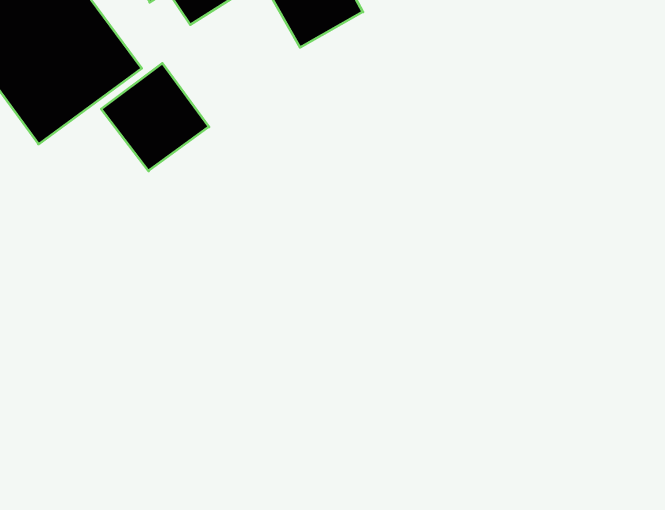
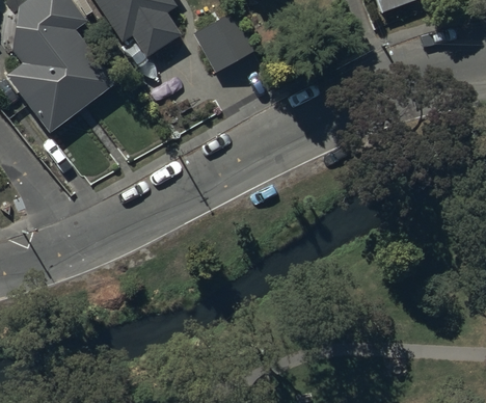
building: [101,63,209,171] -> none

